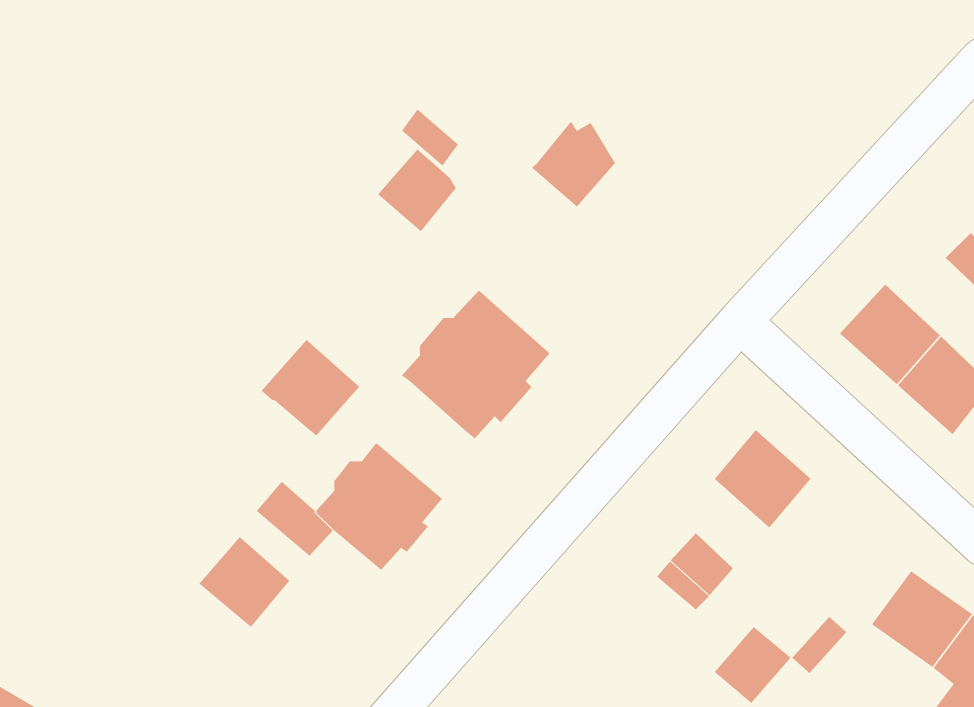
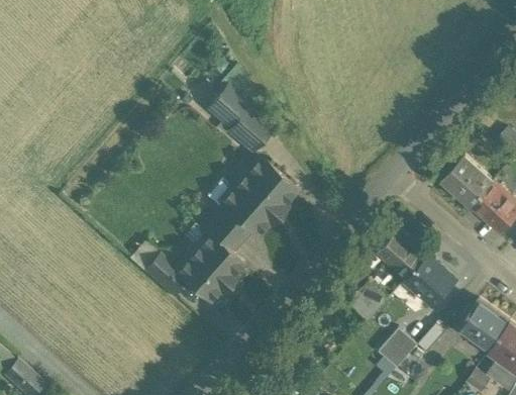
building: [531,120,617,208] -> [229,108,273,153]
building: [261,339,360,437] -> [202,206,252,256]
building: none -> [408,256,458,306]
building: [199,536,290,628] -> none

